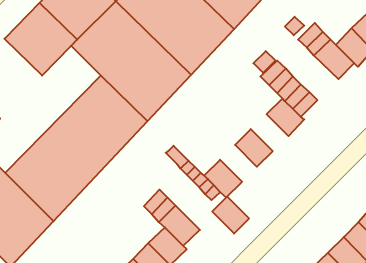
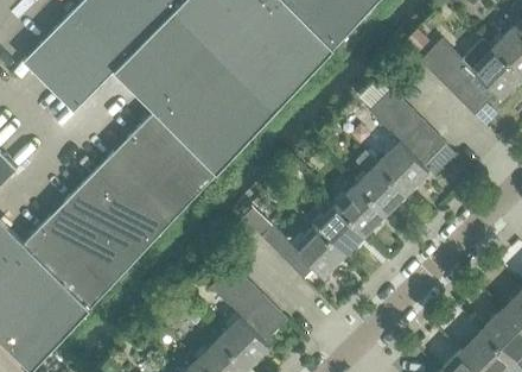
building: none -> [355,152,407,214]
building: [212,197,249,234] -> [314,206,364,256]

